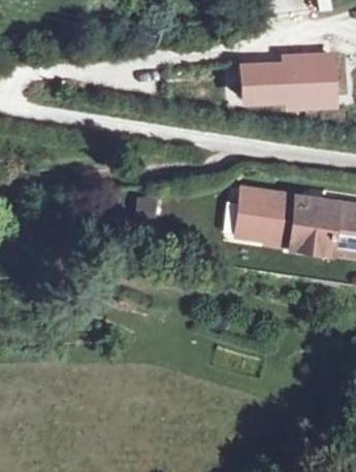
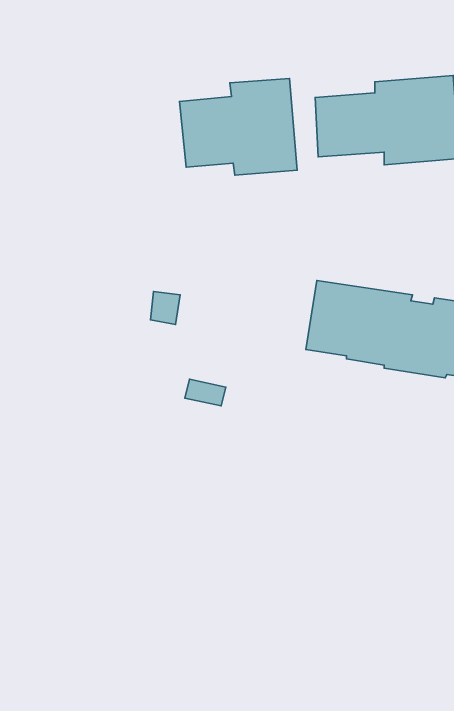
building: none -> [179,78,297,175]

